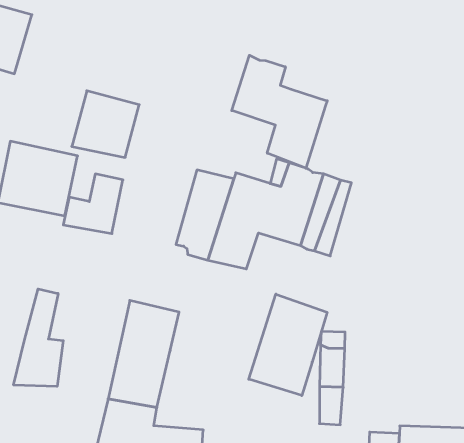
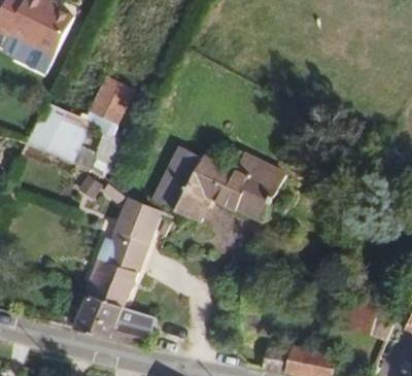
building: [232,55,327,168] -> none
building: none -> [113,198,159,243]
building: [14,289,63,386] -> none
building: [249,294,327,396] -> none

